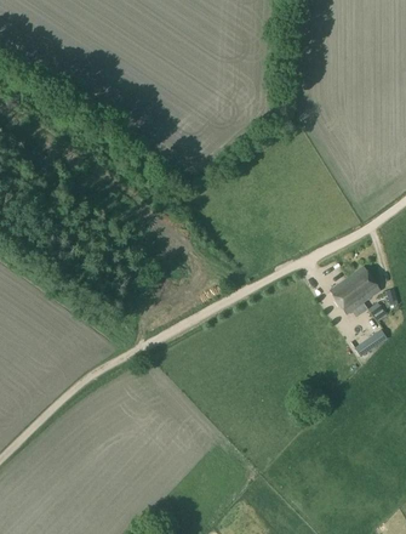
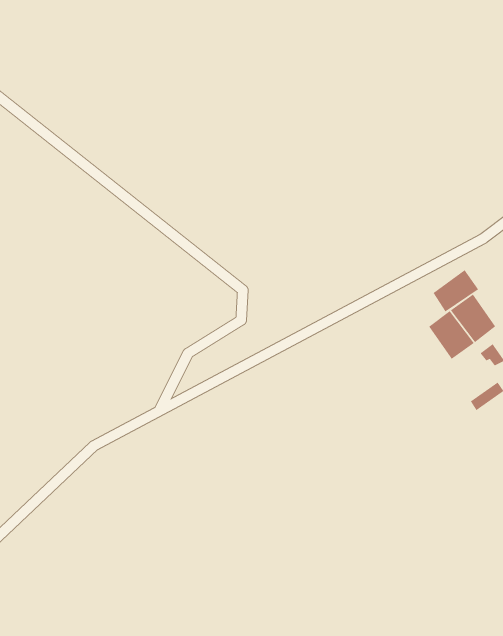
building: none -> [432,269,479,313]

